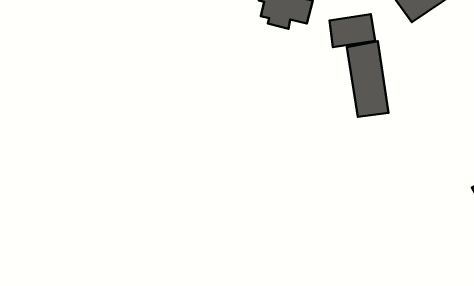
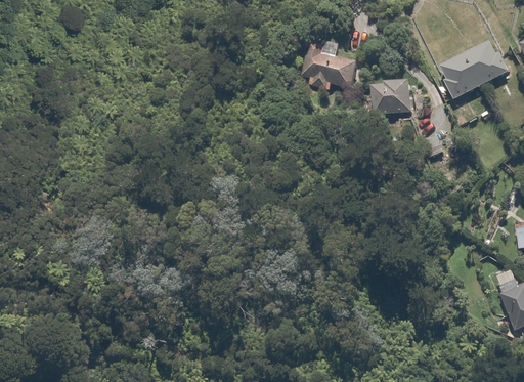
building: [347,41,389,117] -> none

